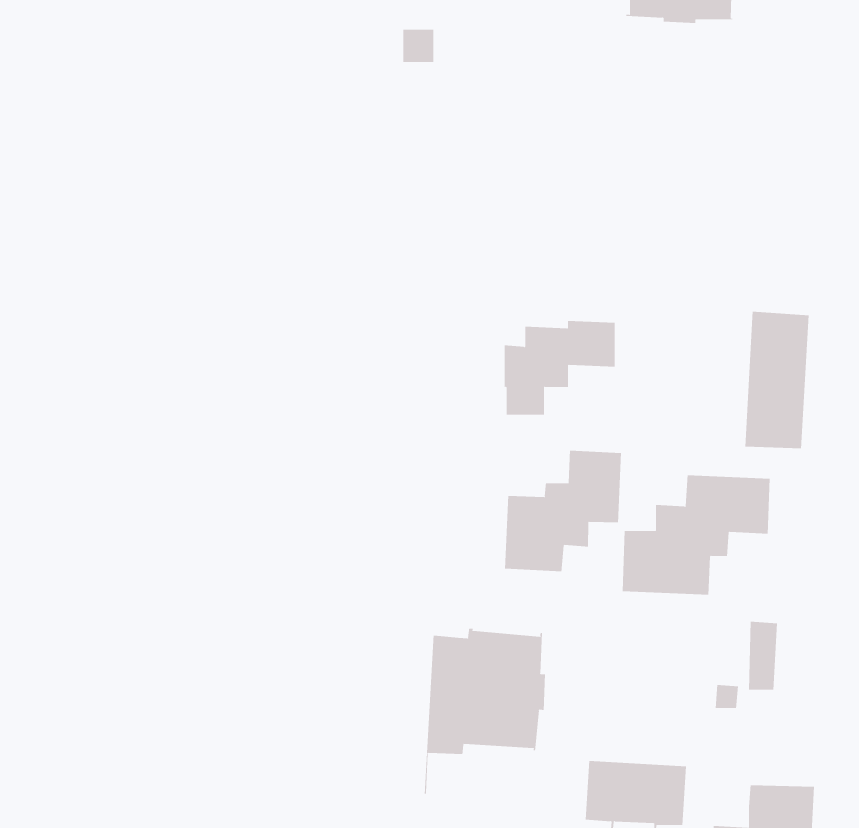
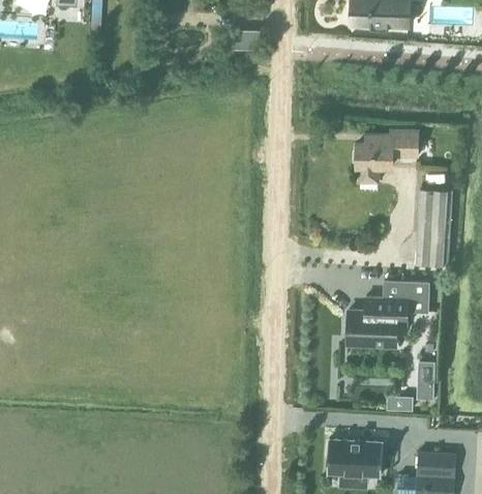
building: [504,321,615,415] -> [356,129,418,182]
building: [505,450,621,572] -> none
building: [424,628,545,795] -> none

